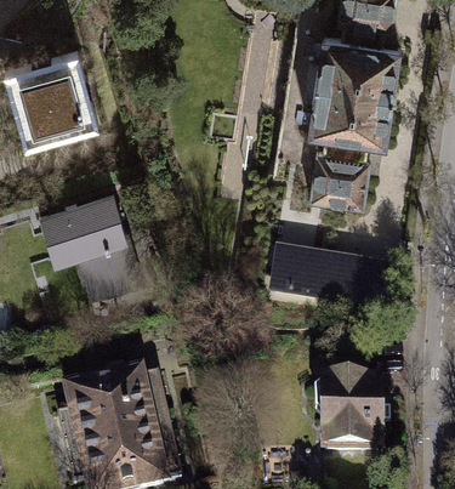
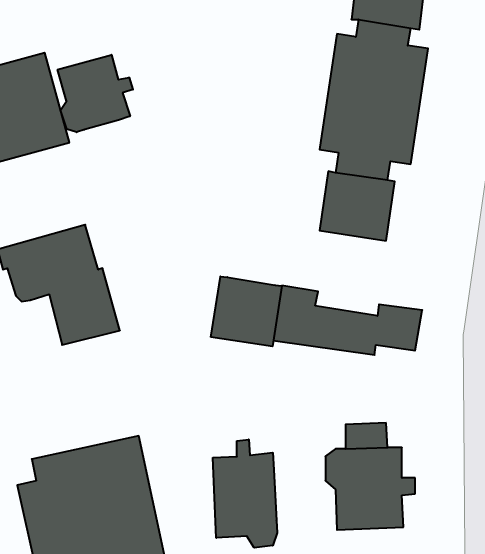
building: none -> [58,55,133,132]
building: none -> [211,276,282,346]
building: none -> [213,439,277,548]

